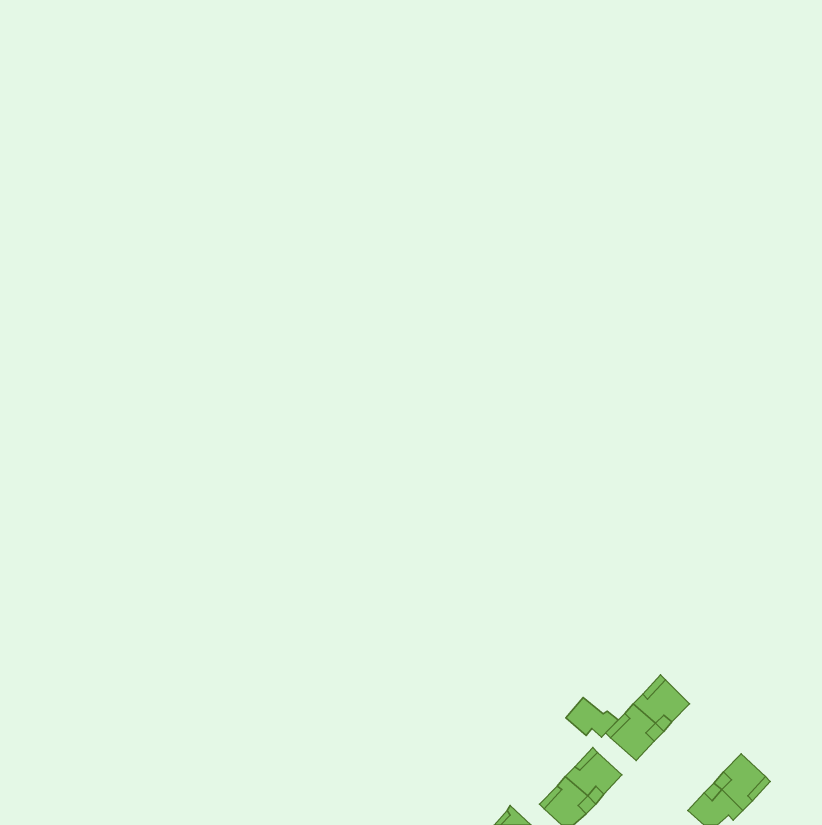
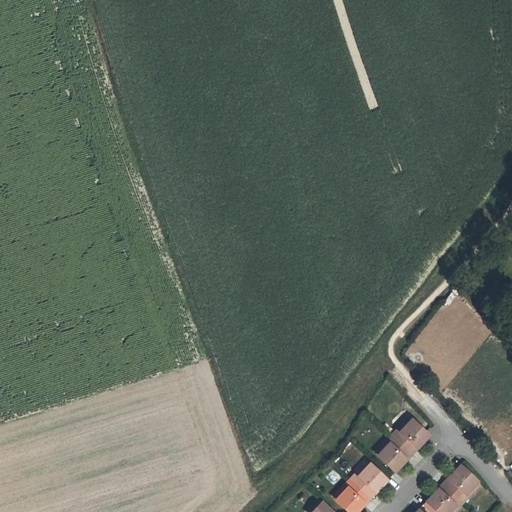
building: [566,697,618,737] -> none

